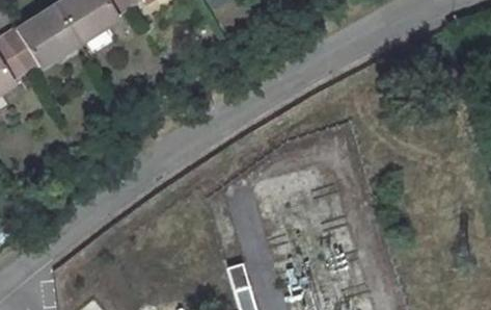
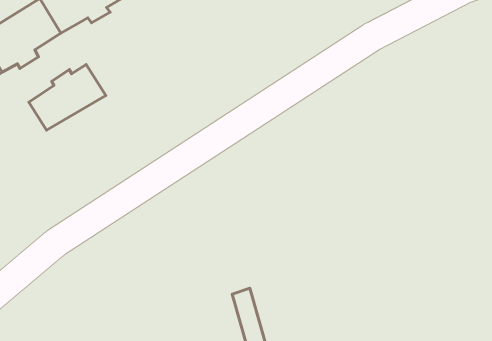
building: none -> [29,65,106,130]

